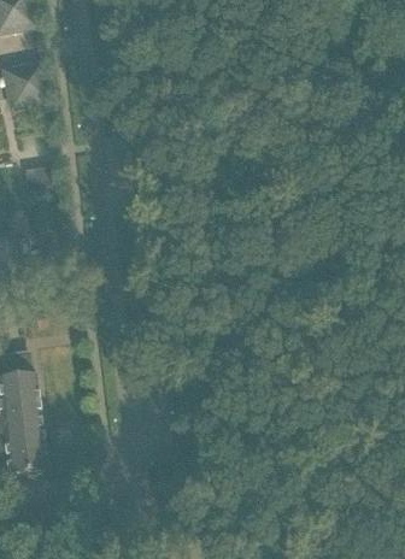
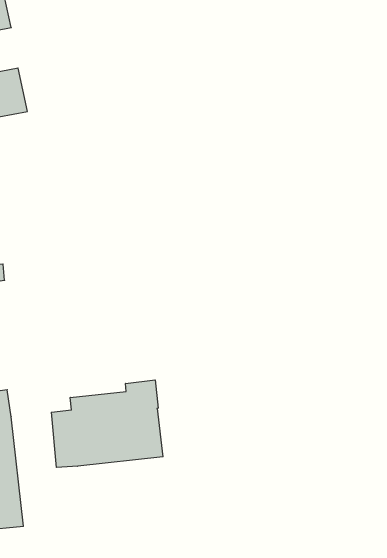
building: none -> [51,380,163,467]

